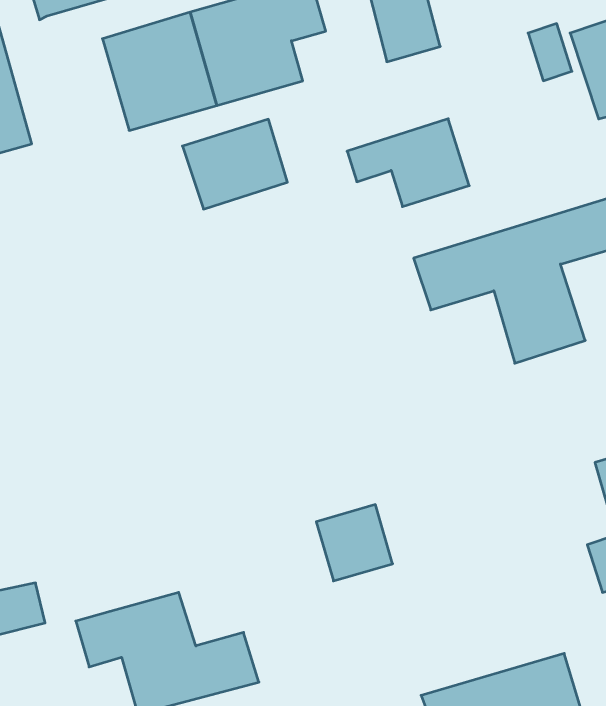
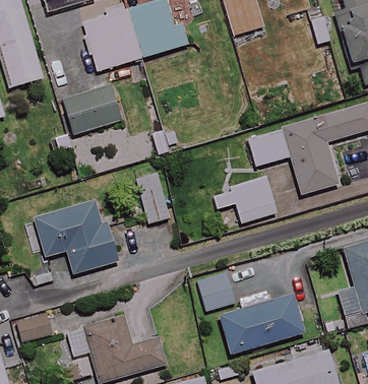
building: [347,119,469,207] -> [211,176,277,222]
building: [182,119,287,209] -> [63,86,119,134]
building: none -> [135,173,170,222]
building: none -> [35,199,119,273]
building: none -> [219,294,304,354]

